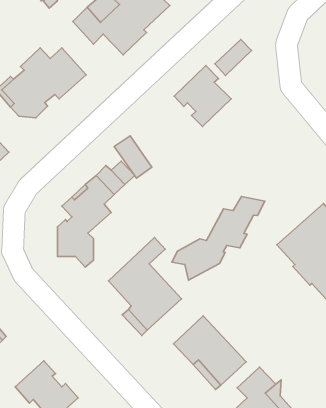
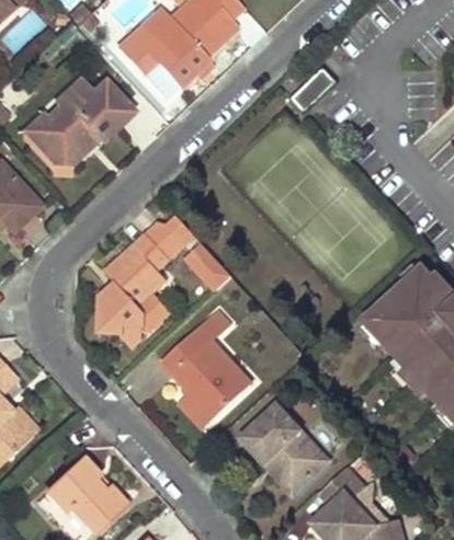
building: [174,66,231,127] -> none
building: [114,136,152,178] -> [185,241,231,292]
building: [172,196,265,280] -> none

